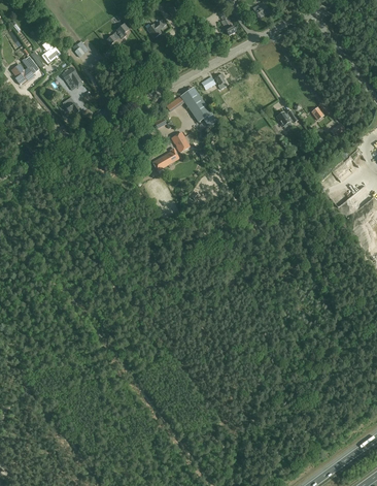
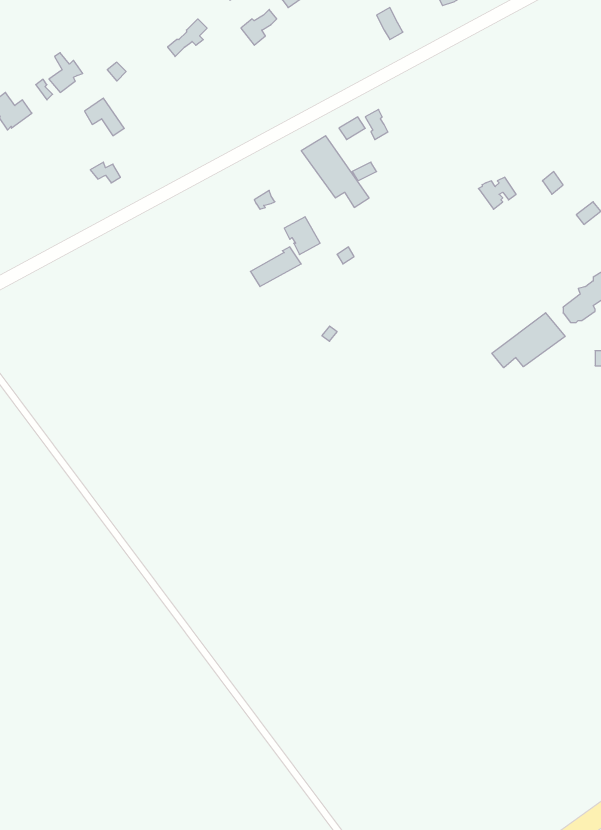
building: none -> [492,313,565,368]

